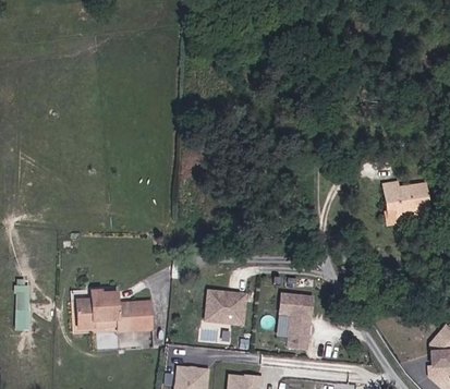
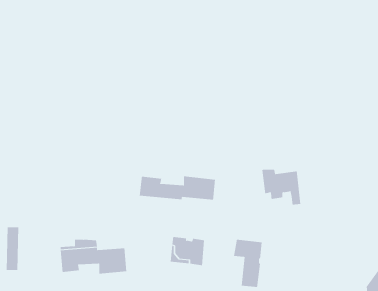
building: [385,185,430,227] -> [262,169,301,205]
building: none -> [139,176,216,200]

